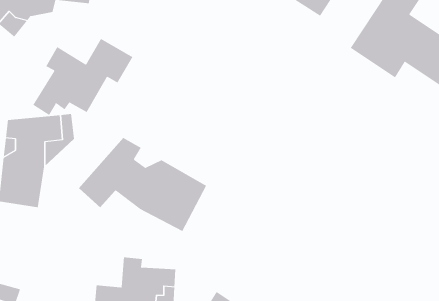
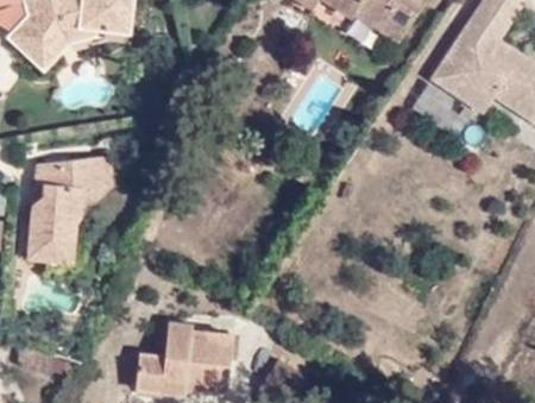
building: [32,38,133,116] -> none
building: [78,137,207,232] -> none

